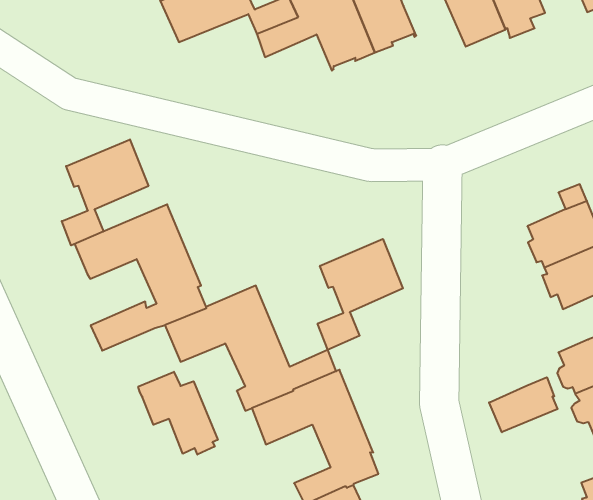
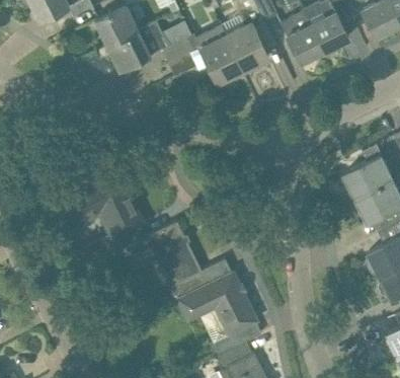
building: [62,139,148,245] -> none
building: [318,239,403,350] -> none
building: [138,372,218,455] -> none
building: [489,377,558,432] -> none

